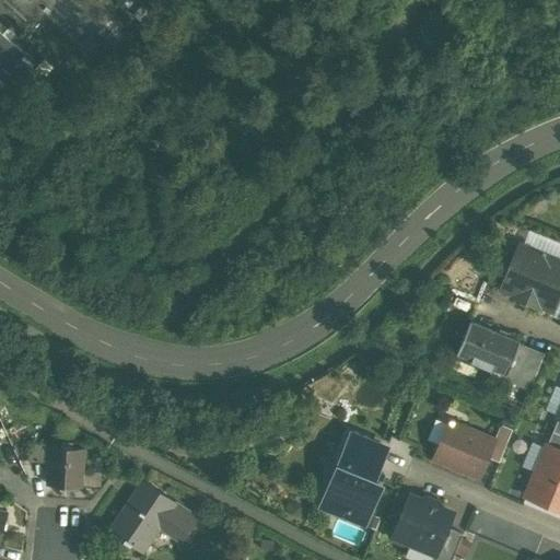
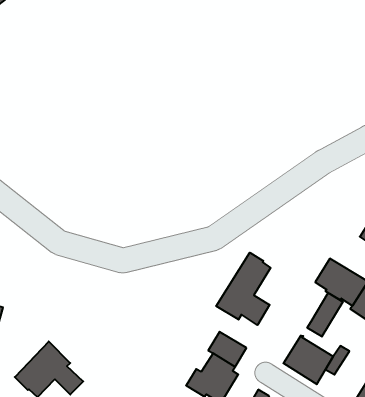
building: none -> [216,253,271,325]
building: none -> [307,293,343,337]

